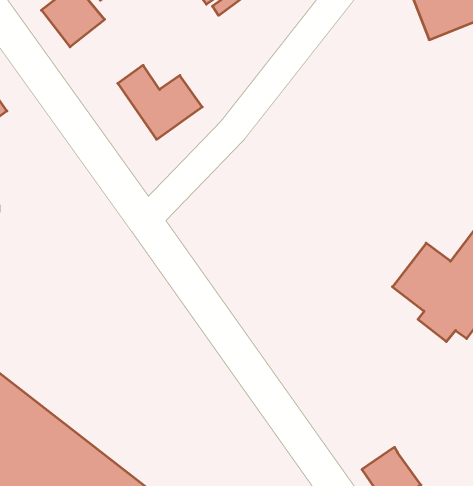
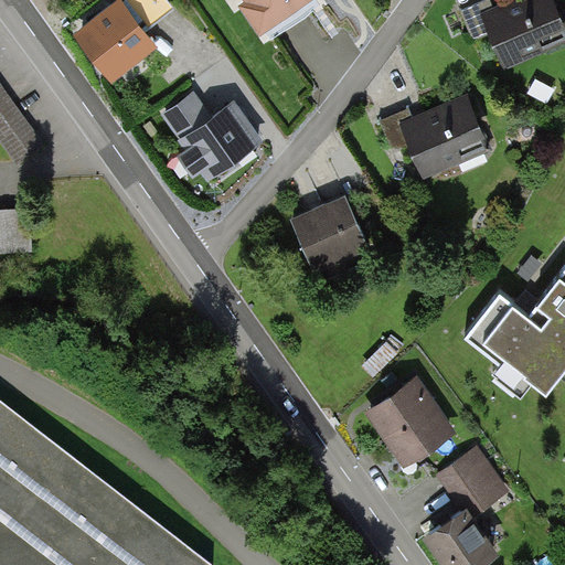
building: none -> [398,84,505,179]
building: none -> [288,184,375,270]
building: none -> [370,382,447,461]
building: none -> [438,457,501,516]

